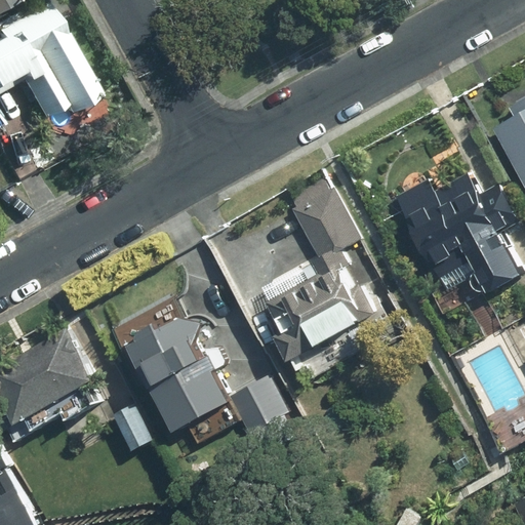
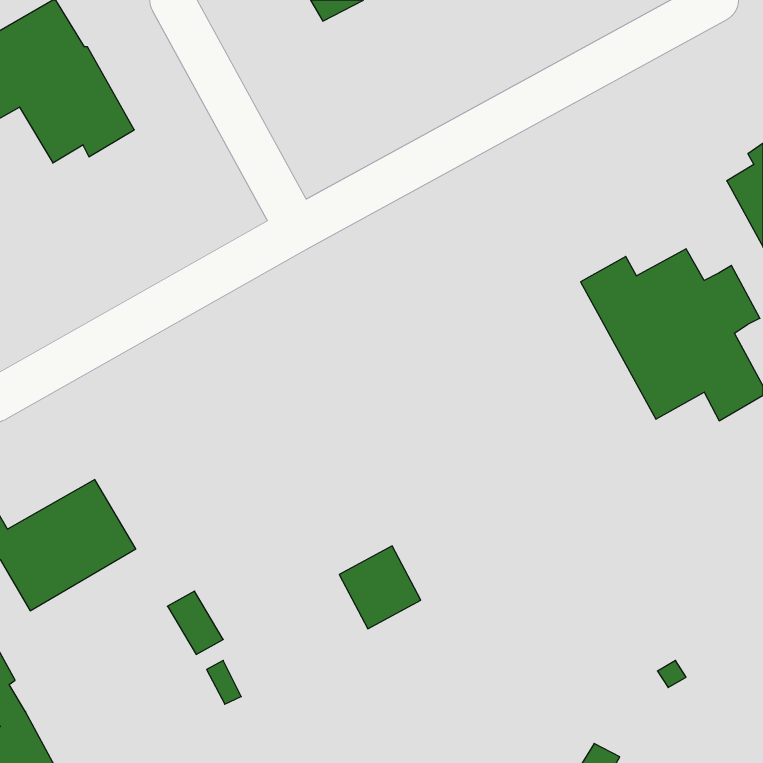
building: [268,179,376,361] -> none
building: [130,318,230,430] -> none

